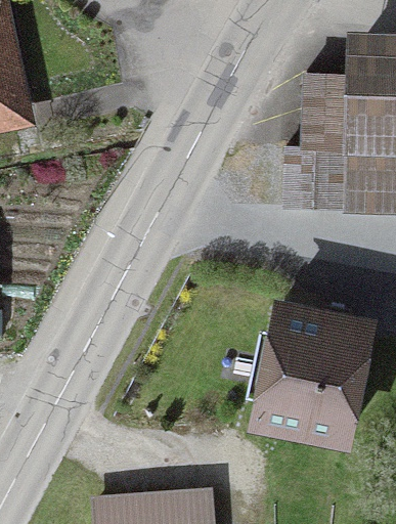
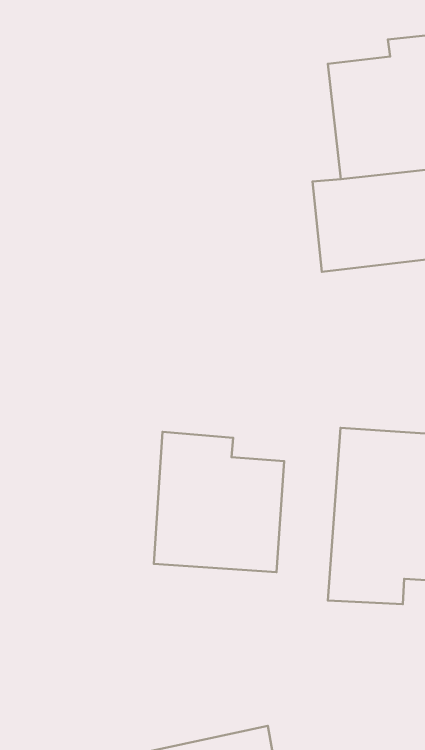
building: none -> [154,432,284,572]

